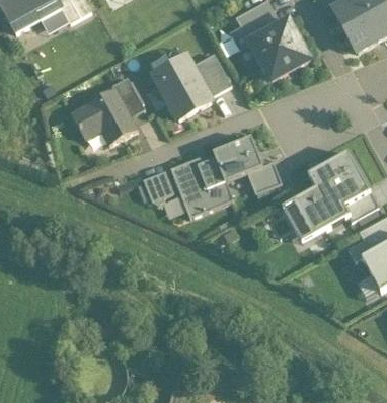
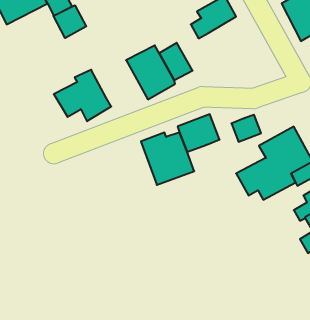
building: none -> [53,5,86,38]
building: [248,19,309,80] -> none
building: [112,75,143,116] -> none
building: [246,161,281,192] -> [231,115,261,142]
building: [142,170,172,204] -> none

